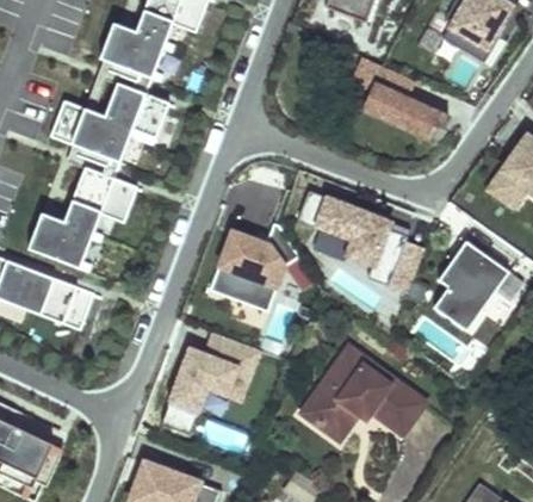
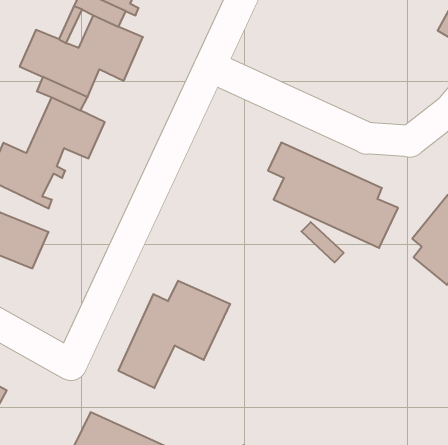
building: [366,81,450,143] -> none
building: [207,223,296,316] -> none
building: [303,343,427,435] -> none

